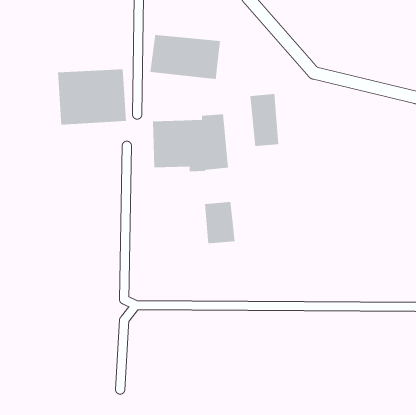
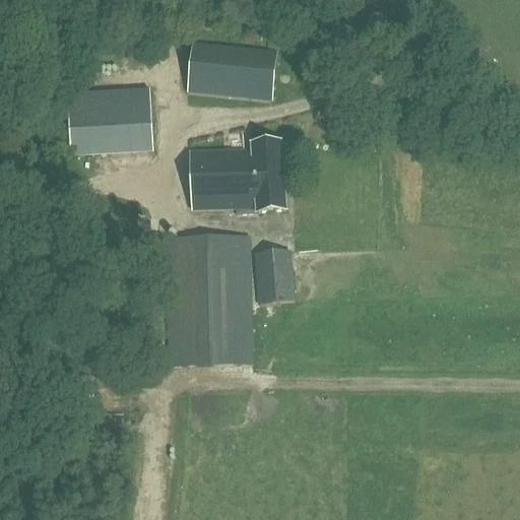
building: [250,93,279,147] -> none
building: none -> [165,236,250,365]

